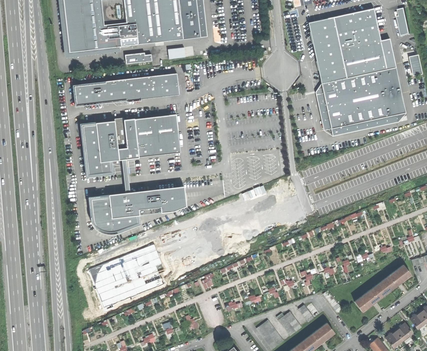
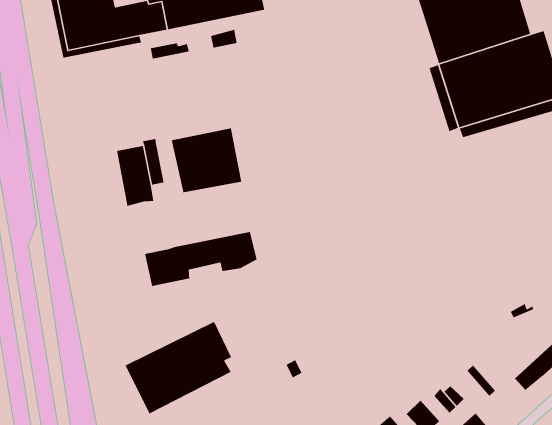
building: [74,72,179,104] -> none
building: [118,118,139,159] -> none
building: [81,122,114,175] -> none
building: [88,194,140,232] -> none

